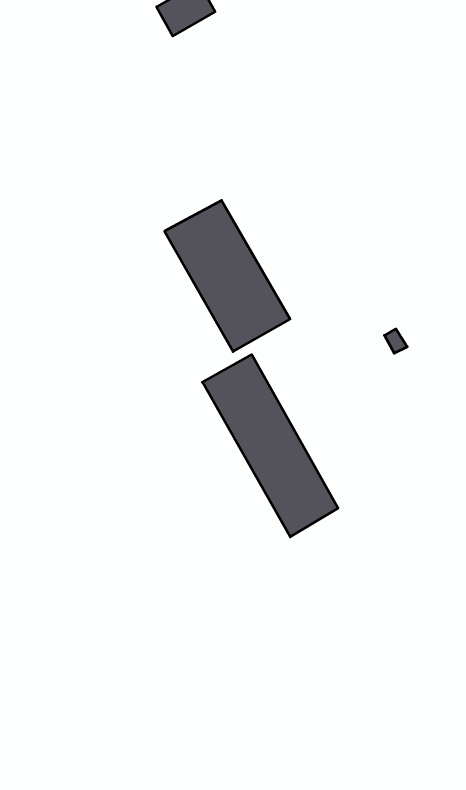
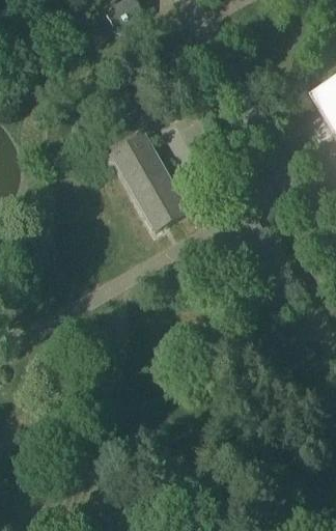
building: [202,355,338,537] -> none

